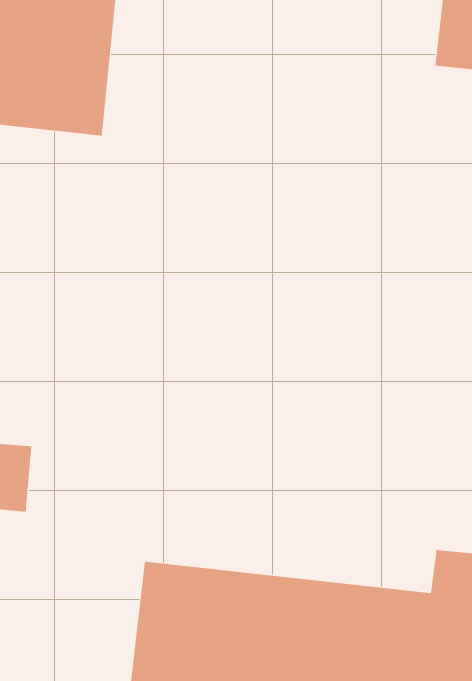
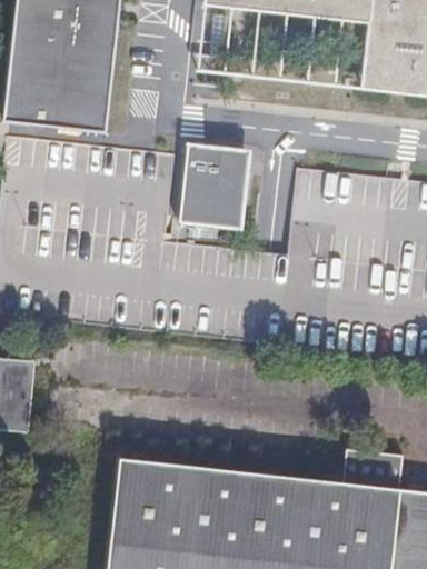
building: none -> [180,150,244,223]

